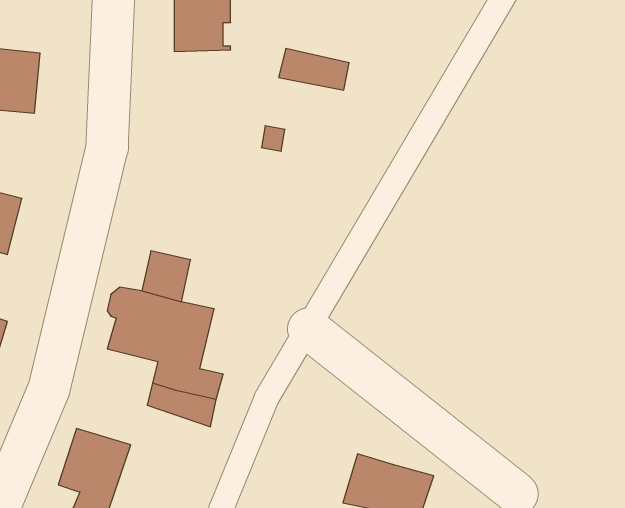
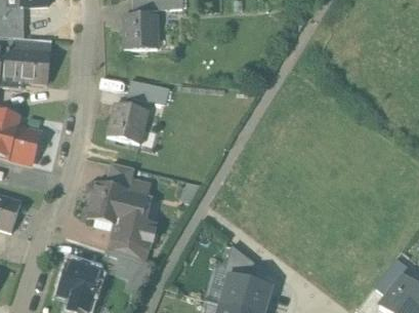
building: [279,48,349,90] -> [126,78,166,102]
building: none -> [109,104,148,143]
building: none -> [223,246,255,283]

